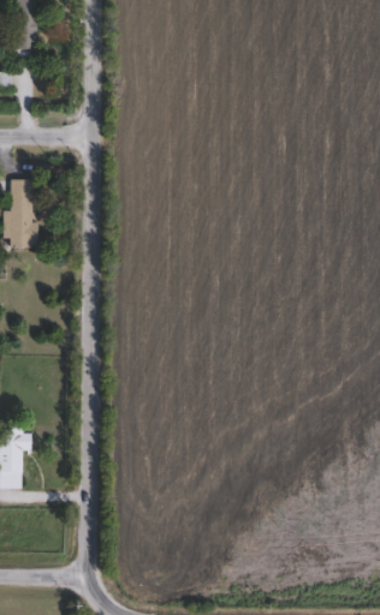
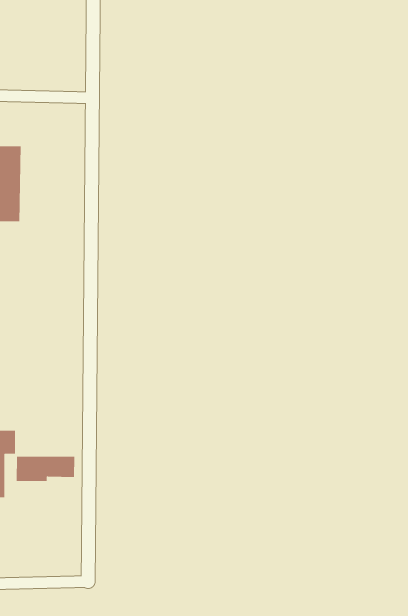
building: none -> [16,456,75,482]

